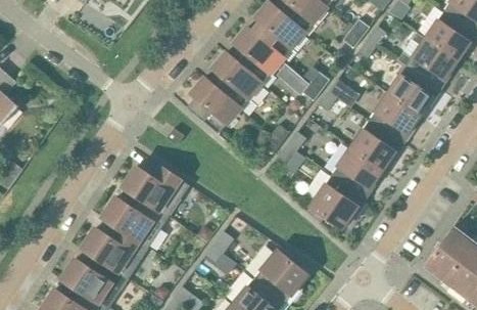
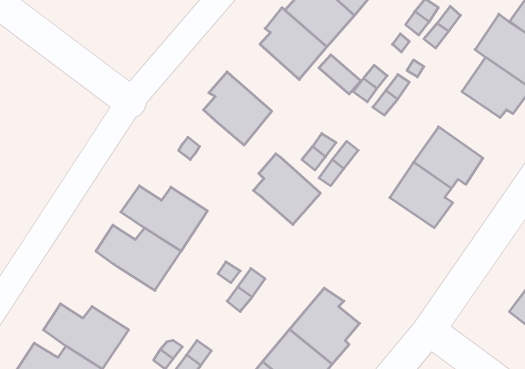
building: [208,52,260,107] -> [253,154,320,225]
building: [369,92,418,144] -> none
building: [306,175,366,225] -> none
building: [82,227,148,278] -> none

